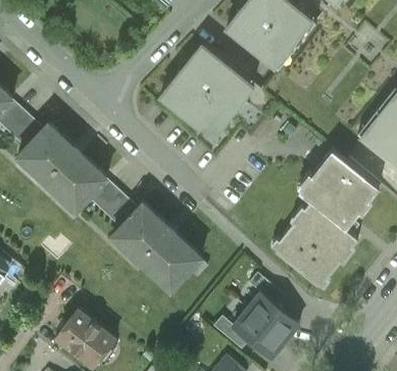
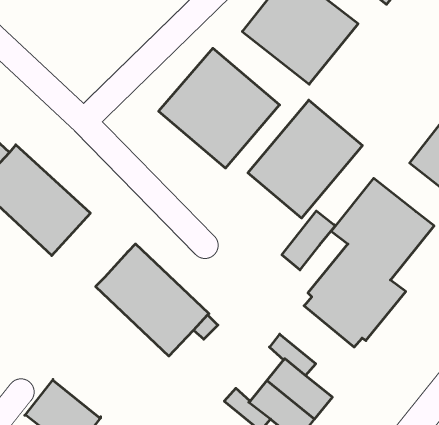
building: none -> [248,100,362,218]
building: none -> [282,211,336,270]
building: [92,184,136,228] -> none

